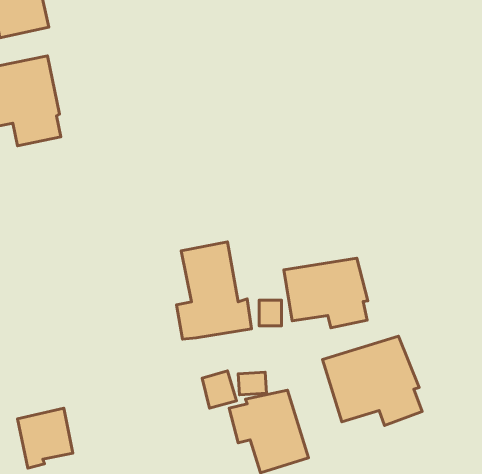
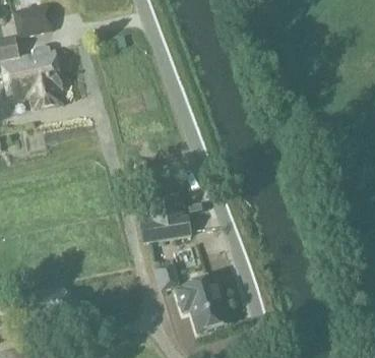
building: [284,258,368,328] -> none
building: [323,336,422,425] -> none

